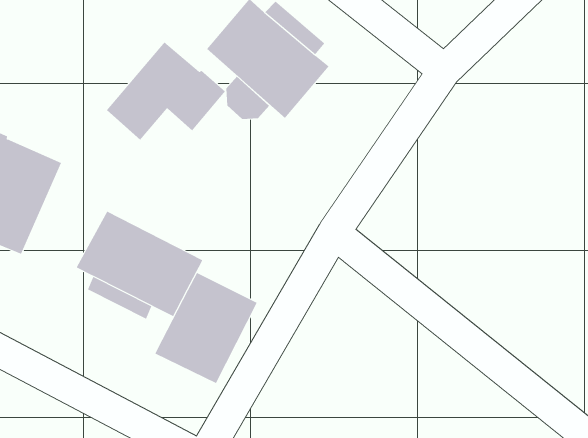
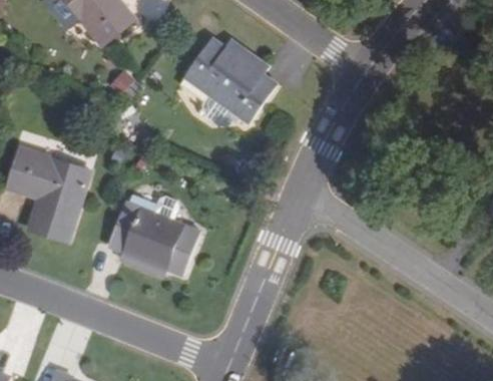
building: [106,42,226,140] -> none
building: [154,272,258,384] -> none

